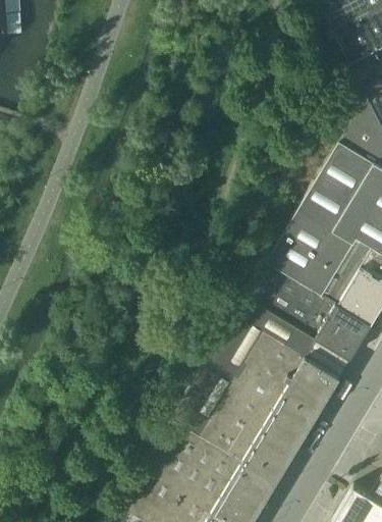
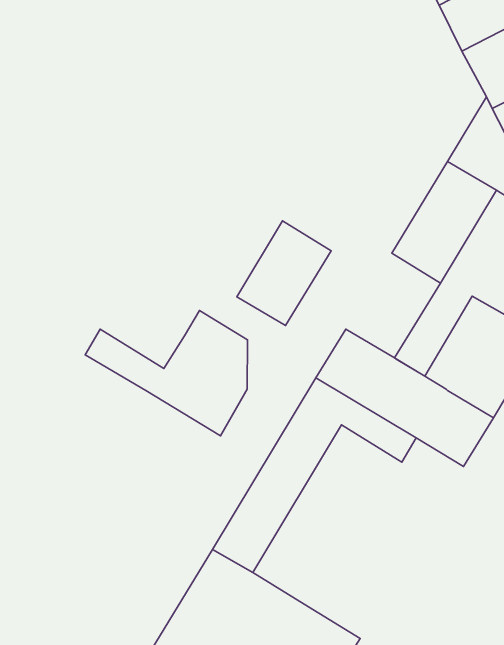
building: [267,209,334,283] -> [237,221,331,325]
building: none -> [85,310,248,436]
building: [201,331,340,483] -> none

